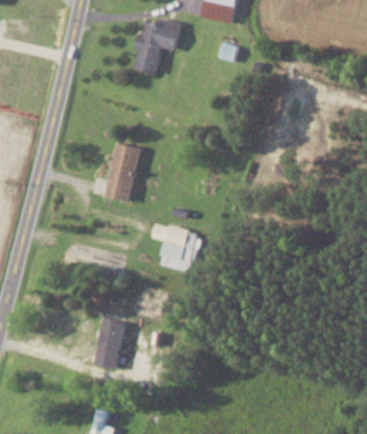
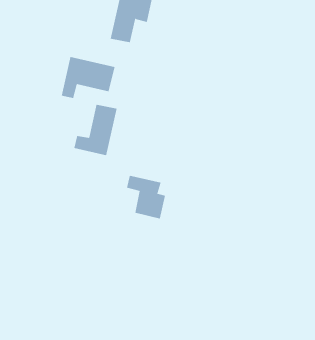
building: none -> [61,56,115,99]
building: [96,316,127,369] -> none

